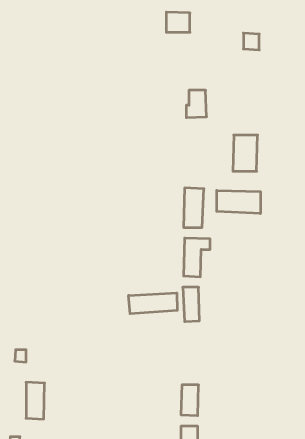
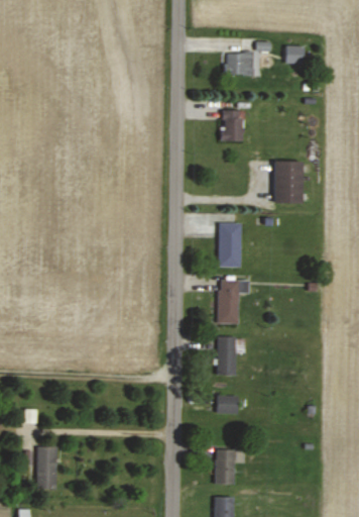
building: [166,12,190,32] -> [227,51,254,75]
building: [217,190,260,214] -> none
building: [129,293,177,314] -> none
building: none -> [217,394,238,413]

